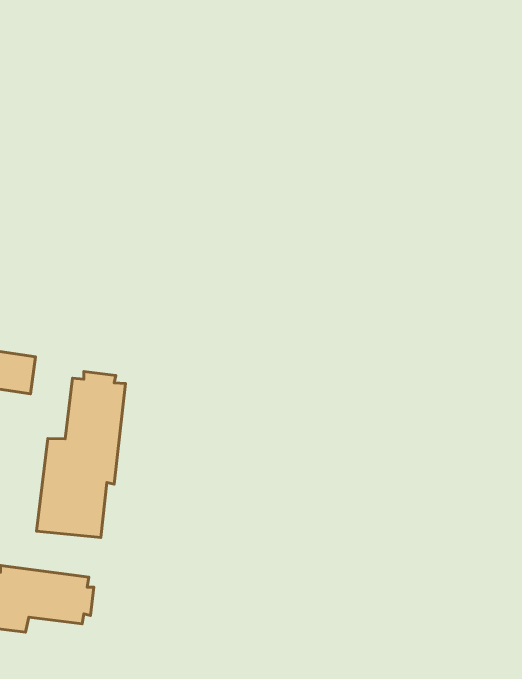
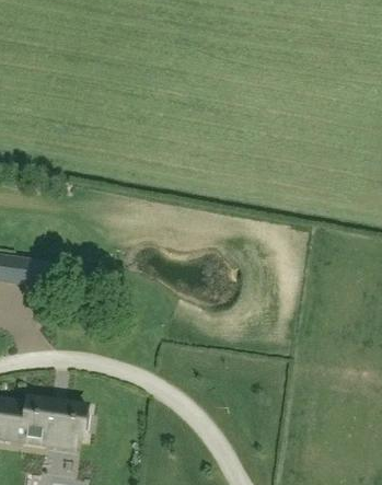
building: [37,371,126,538] -> none

